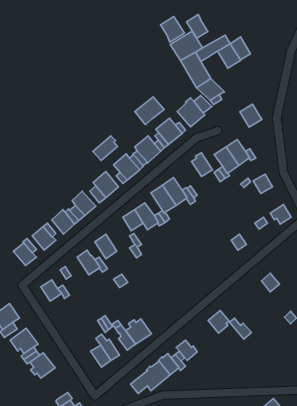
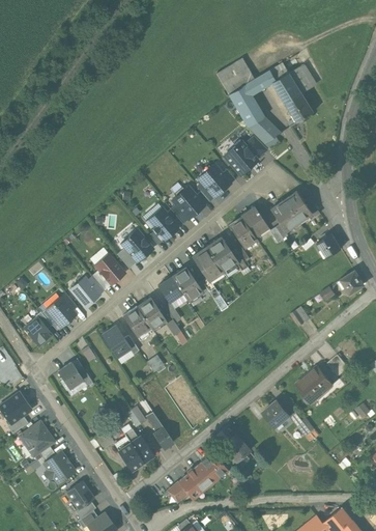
building: [186,14,208,38] -> none
building: [160,17,184,42] -> none
building: [135,97,164,124] -> none
building: [240,104,262,127] -> [286,94,313,122]
building: [93,136,118,160] -> none
building: none -> [228,218,256,248]
building: none -> [137,299,165,330]
building: none -> [296,367,332,403]
building: [125,319,152,344] -> none
building: none -> [66,481,94,509]

